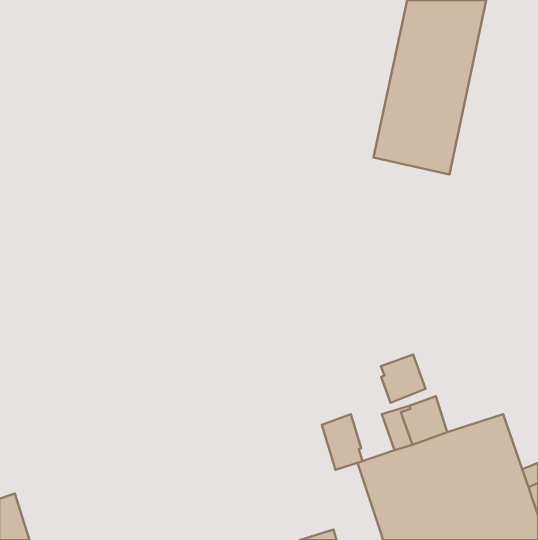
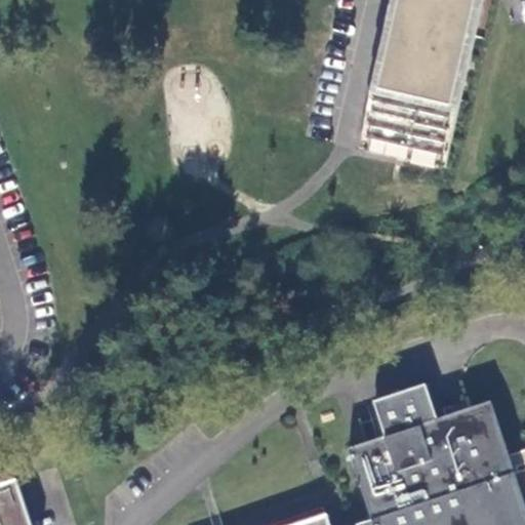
building: [381,354,425,403] -> none
building: [322,414,363,470] -> none

